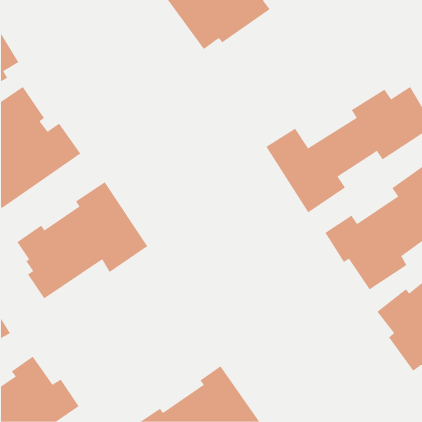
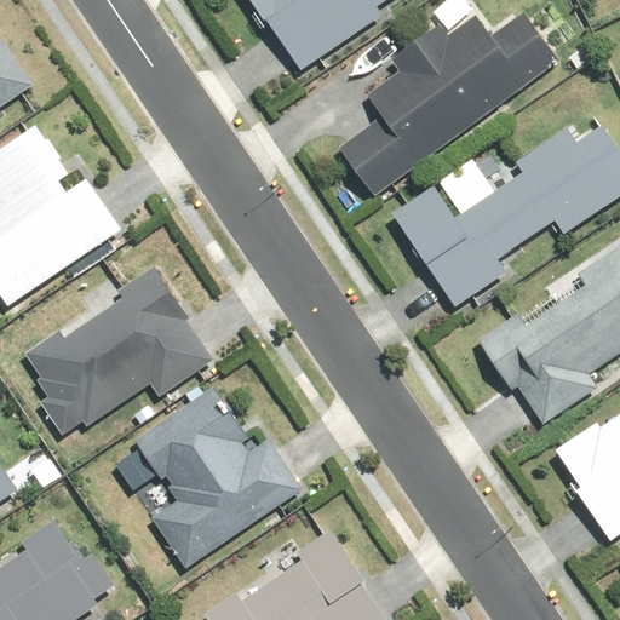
building: none -> [335,15,557,196]
building: none -> [128,386,305,567]

